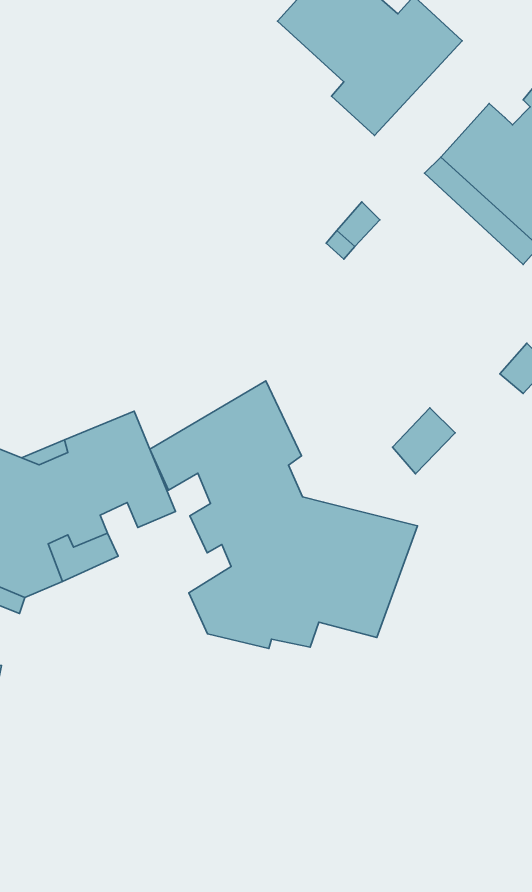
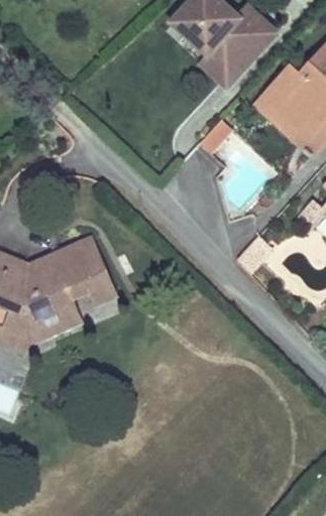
building: [150,381,418,648] -> none

